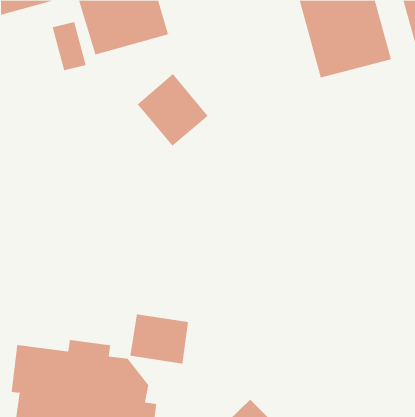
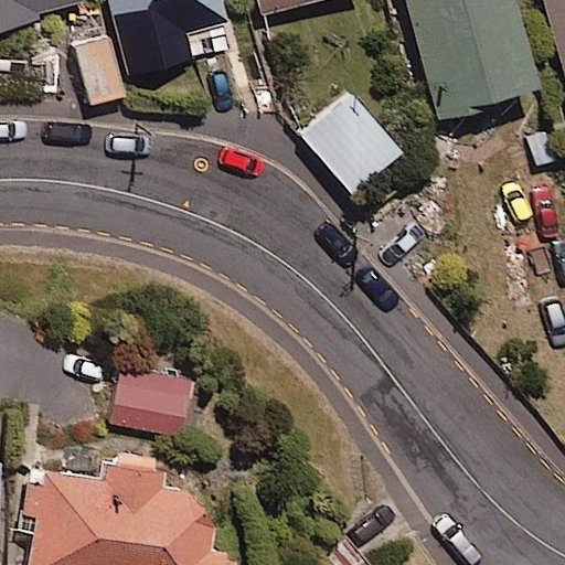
building: [137,73,208,146] -> [302,93,398,191]
building: [130,314,189,364] -> [109,367,189,435]

